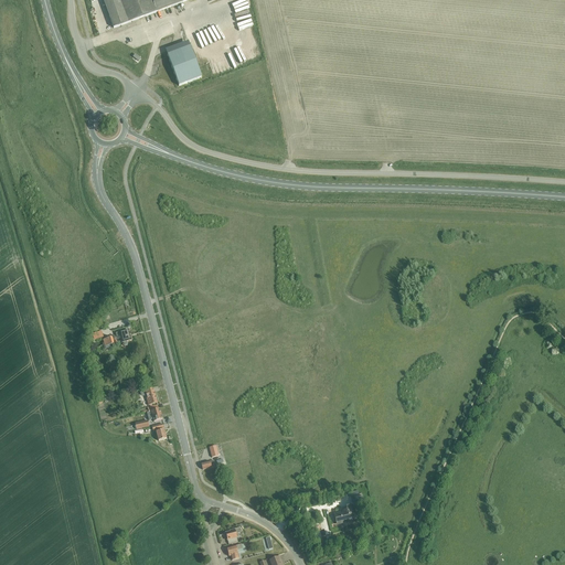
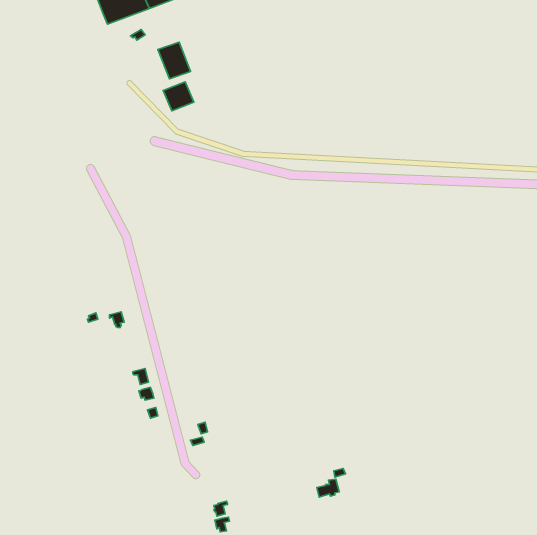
building: none -> [163,82,194,111]

